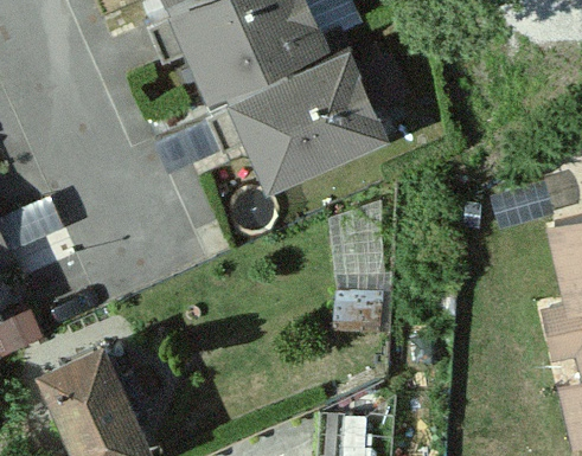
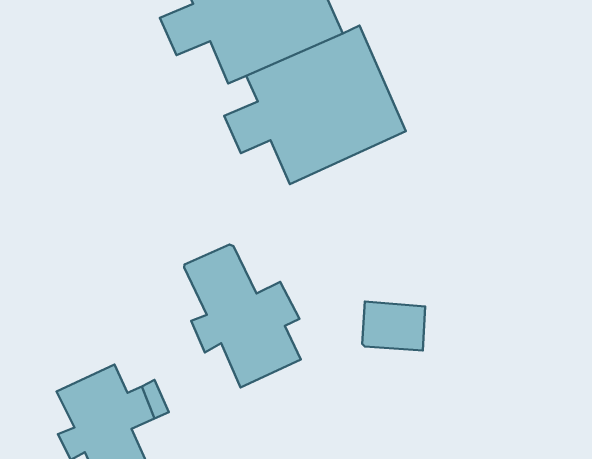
building: none -> [184,244,301,387]

